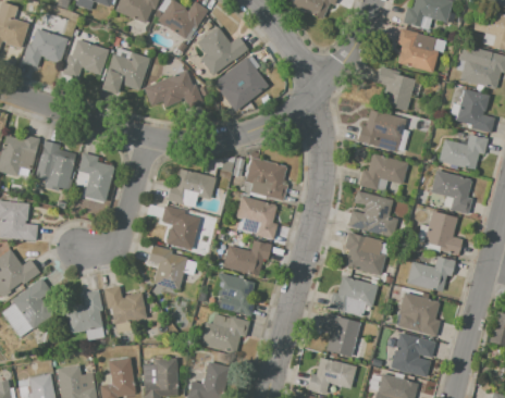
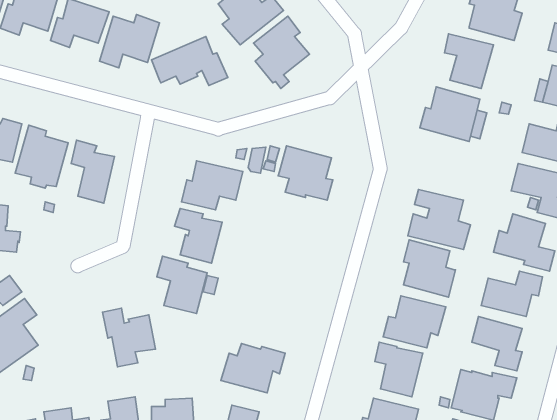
building: [359,152,408,189] -> none
building: [236,195,279,238] -> none
building: [223,239,272,275] -> none
building: [213,272,255,316] -> none
building: [65,289,106,340] -> none

